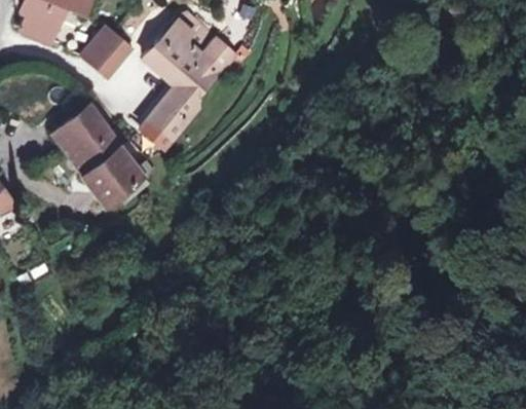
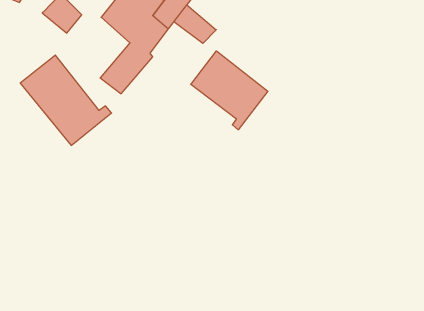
building: none -> [174,5,216,43]
building: none -> [191,51,268,130]

